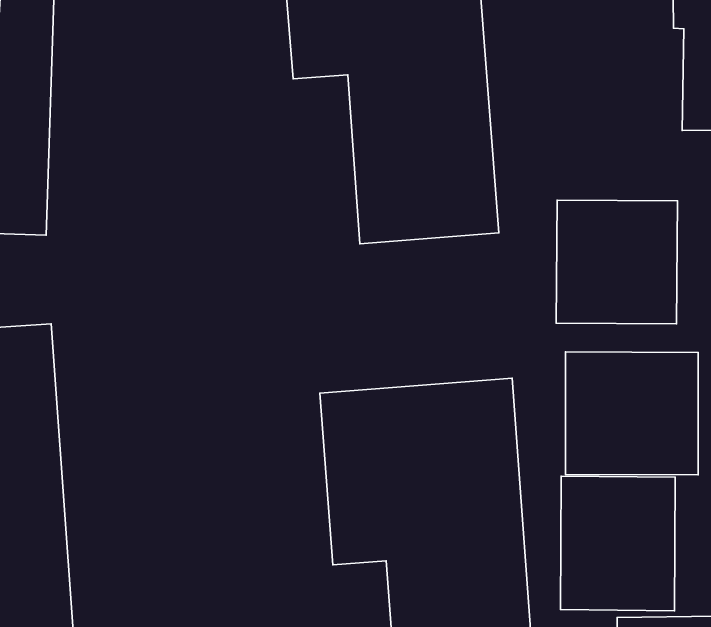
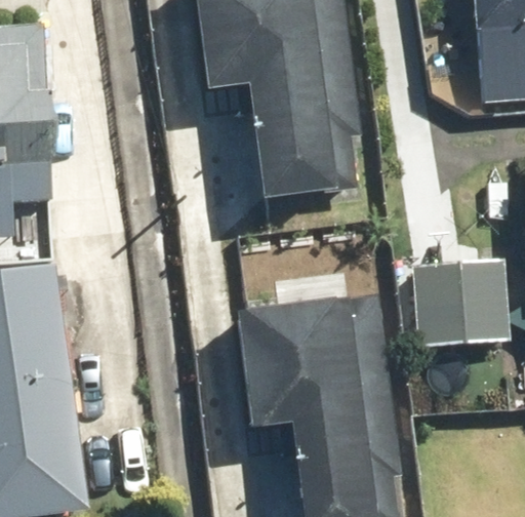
building: [556,200,678,324] -> none
building: [561,476,675,611] -> none

